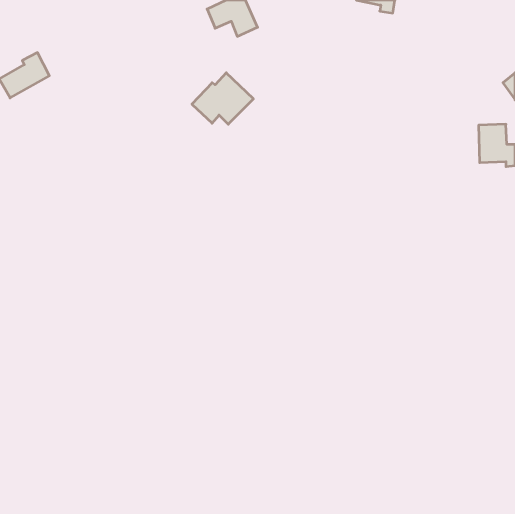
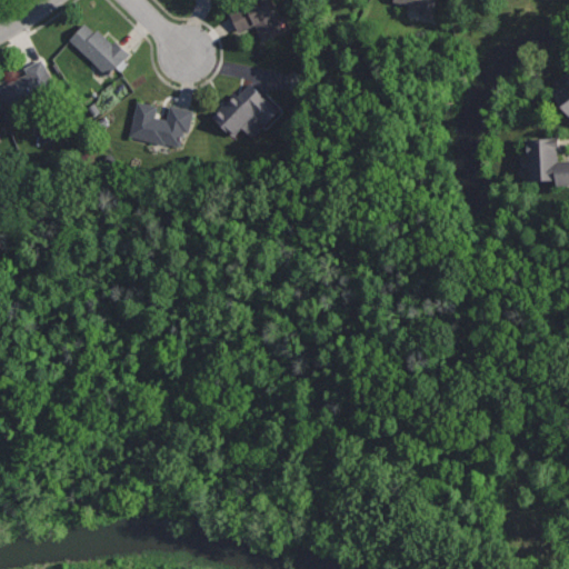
building: none -> [68,24,130,79]
building: none -> [128,102,193,147]

